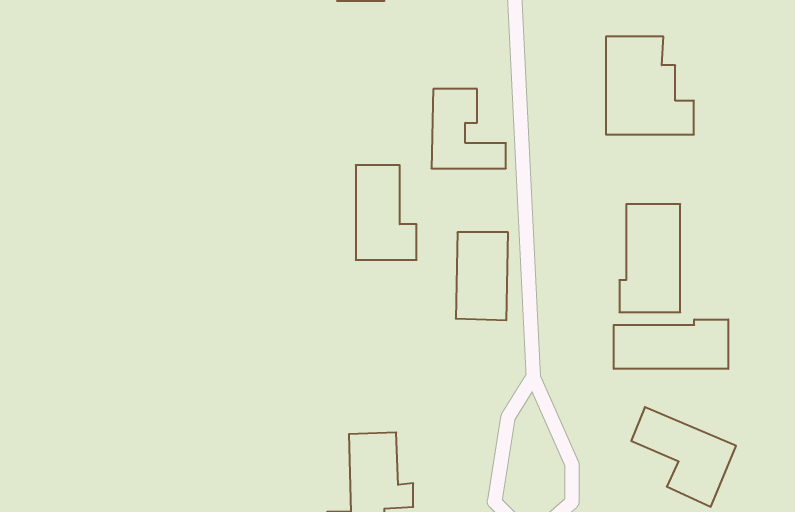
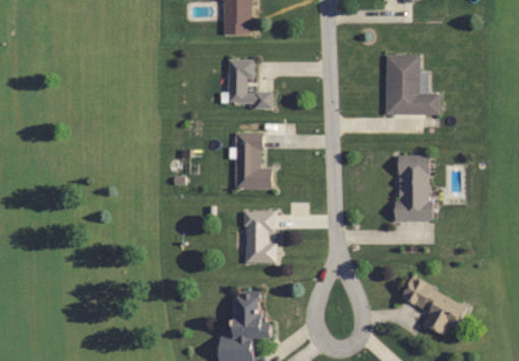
building: [431,89,506,168] -> [227,59,272,107]
building: [456,232,508,320] -> [244,212,276,264]
building: [614,319,728,369] -> none

